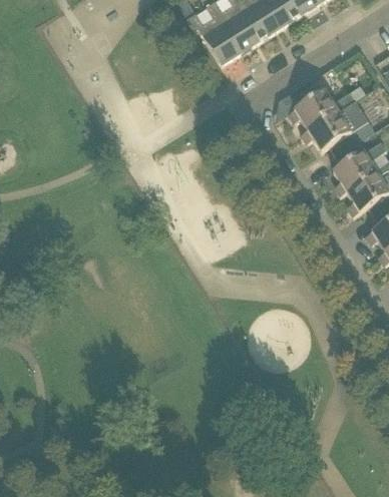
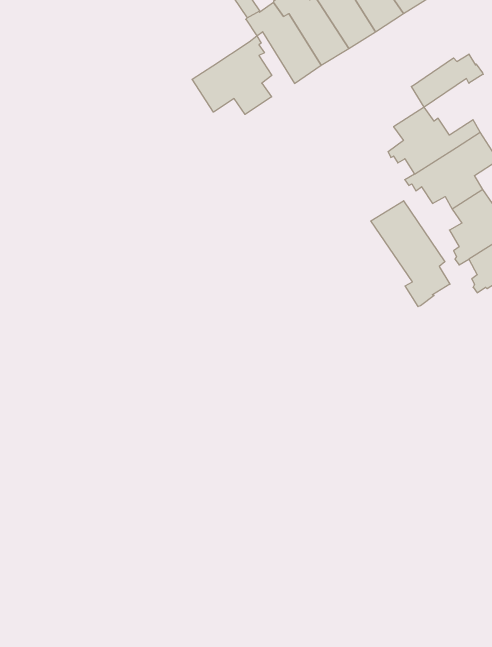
building: none -> [192,36,272,114]
building: none -> [411,54,483,107]
building: none -> [371,201,450,307]

